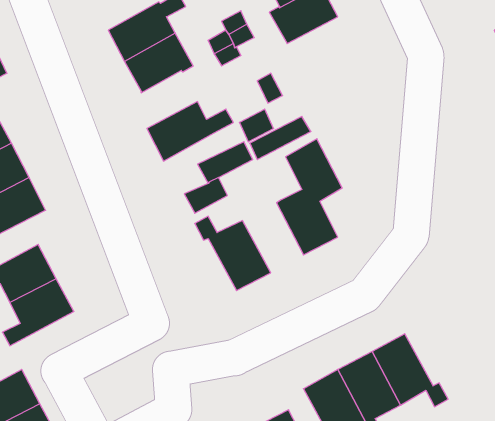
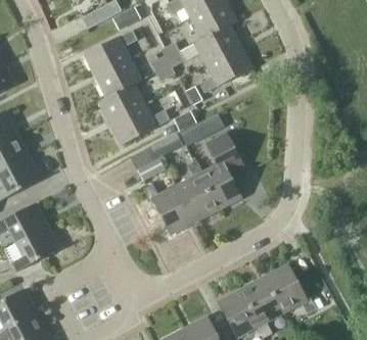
building: none -> [199,46,253,92]
building: none -> [98,83,145,123]
building: none -> [176,160,218,222]

